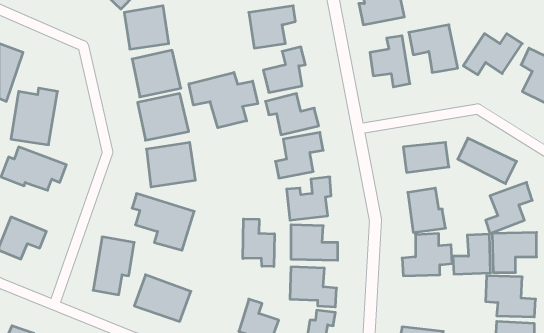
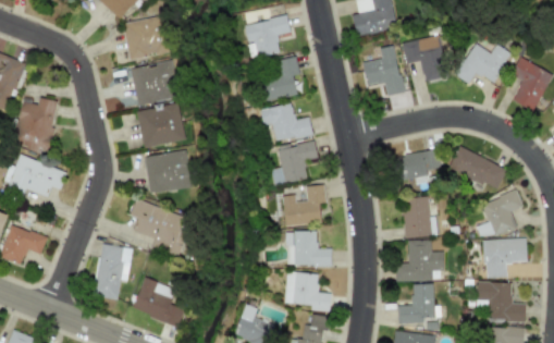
building: [189,72,258,128] -> none
building: [243,219,274,267] -> none
building: [453,234,491,274] -> [397,283,434,322]

